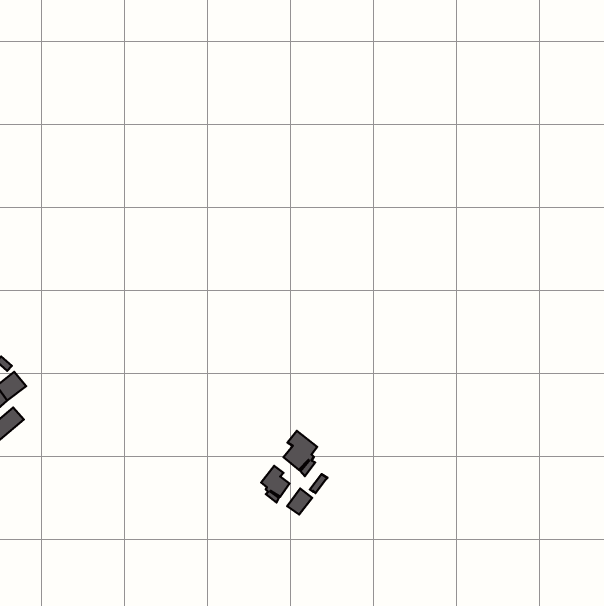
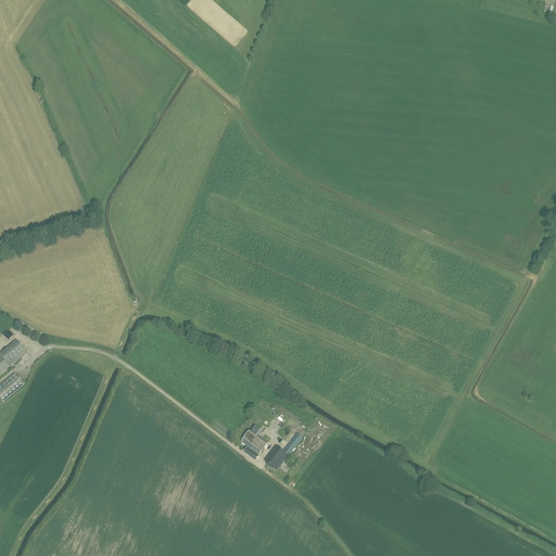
building: [283,431,317,476] -> none

